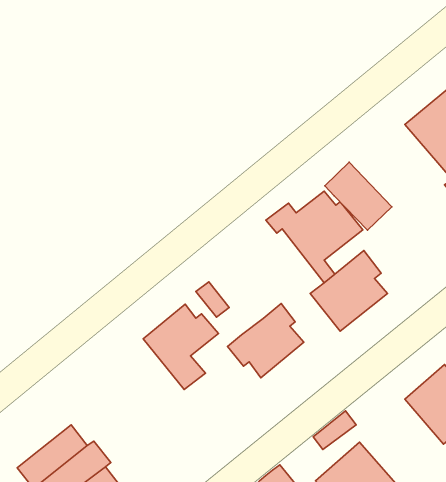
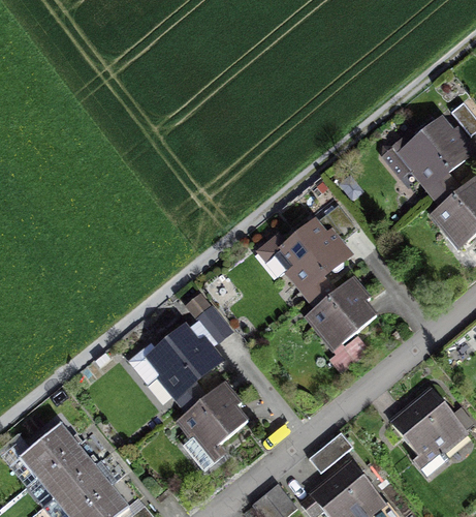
building: [325,162,392,230] -> none
building: [227,304,304,378] -> [170,382,244,453]
building: none -> [18,424,75,478]

